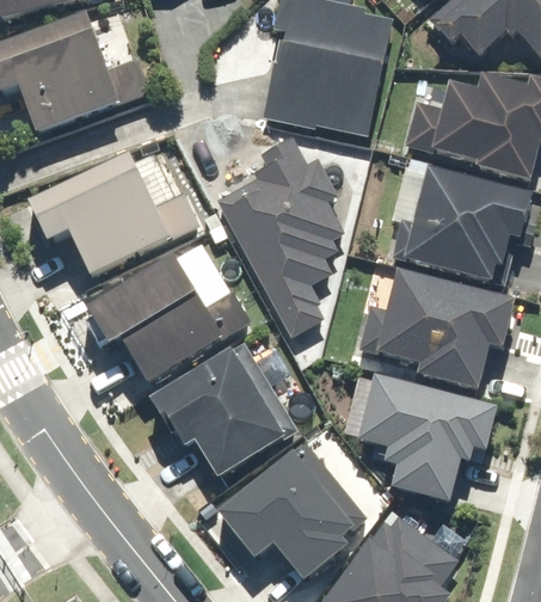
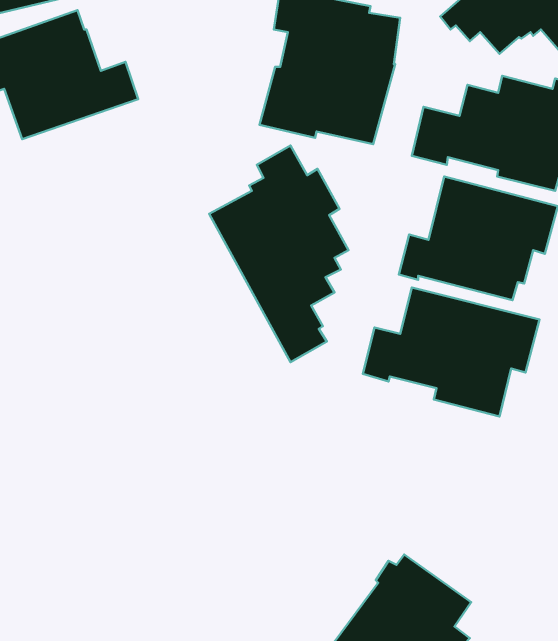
building: [31,150,196,275] -> none
building: [90,252,247,380] -> none
building: [150,343,293,474] -> none
building: [359,373,499,499] -> none
building: [219,443,362,577] -> none

